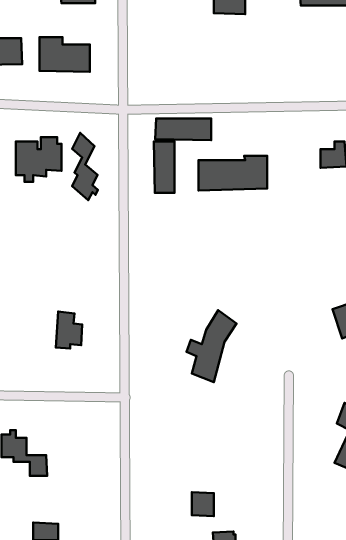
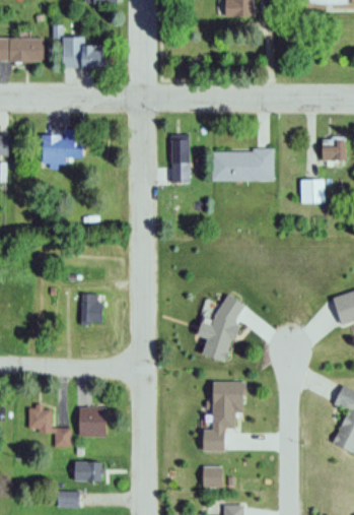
building: [155,119,211,140] -> none
building: [72,133,98,200] -> none
building: none -> [302,176,328,201]
building: none -> [205,378,250,447]
building: none -> [78,407,107,439]
building: none -> [74,460,101,479]

